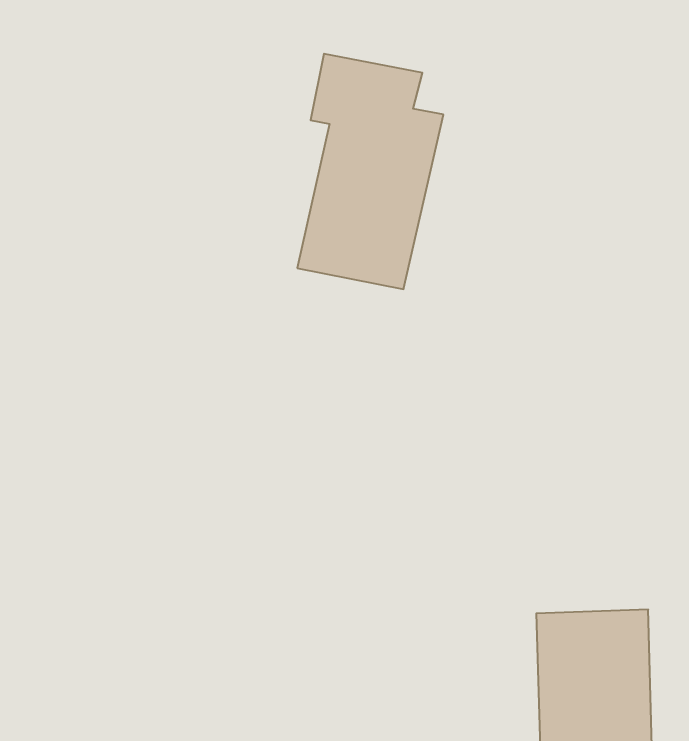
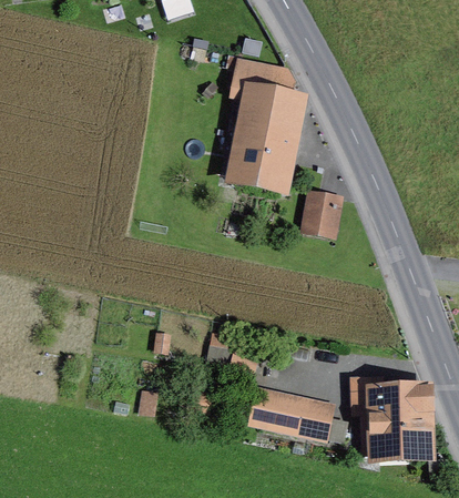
building: none -> [303,189,344,234]
building: none -> [253,385,339,440]

